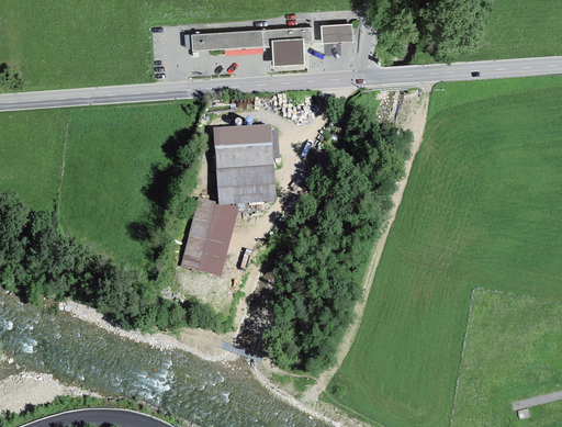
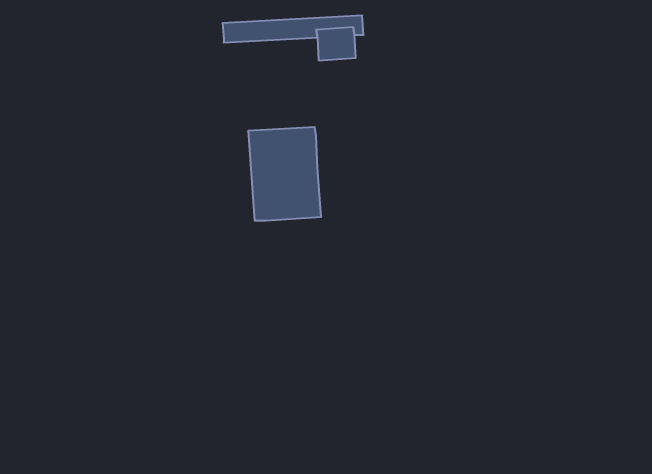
building: [321,24,352,44] -> none
building: [180,198,238,277] -> none

